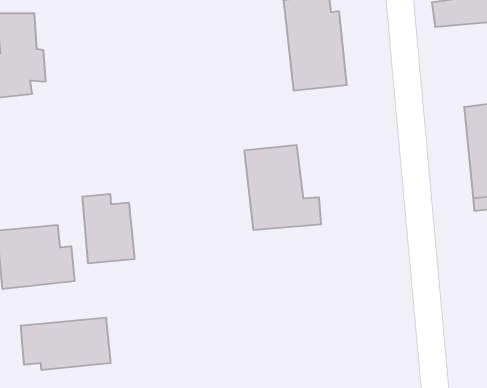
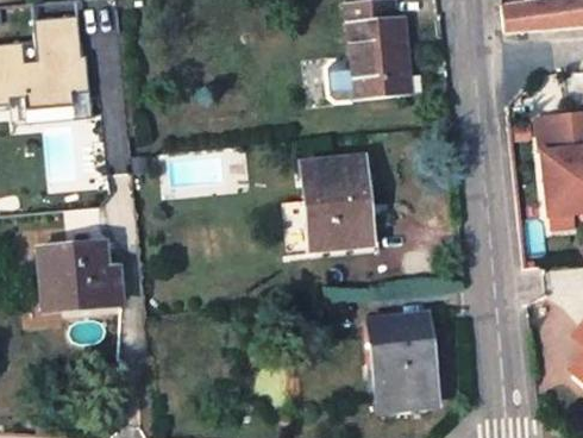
building: [82,194,134,263] -> none
building: none -> [370,319,433,411]
building: [21,317,111,370] -> none

